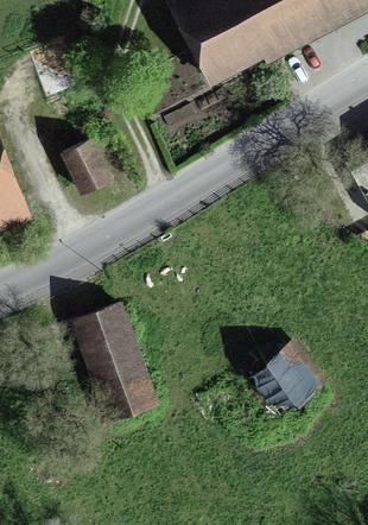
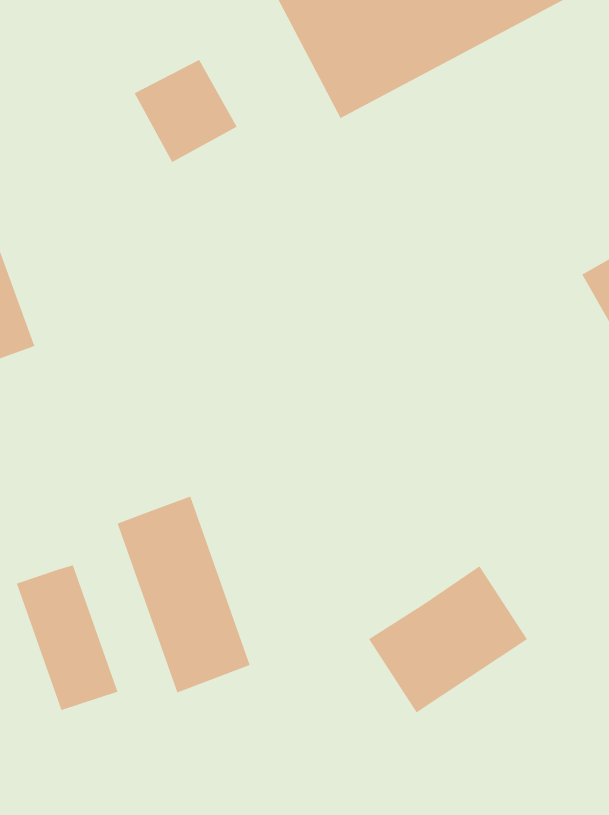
building: [64,134,126,196] -> [134,59,237,163]
building: none -> [16,564,118,711]

